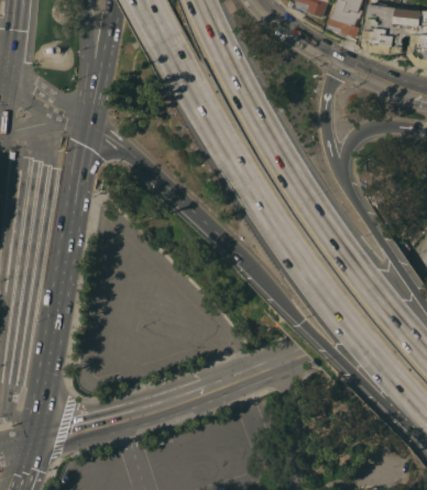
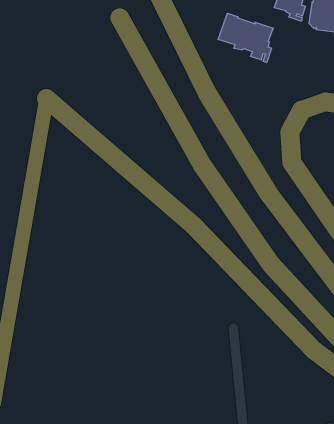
building: none -> [218,13,273,63]

